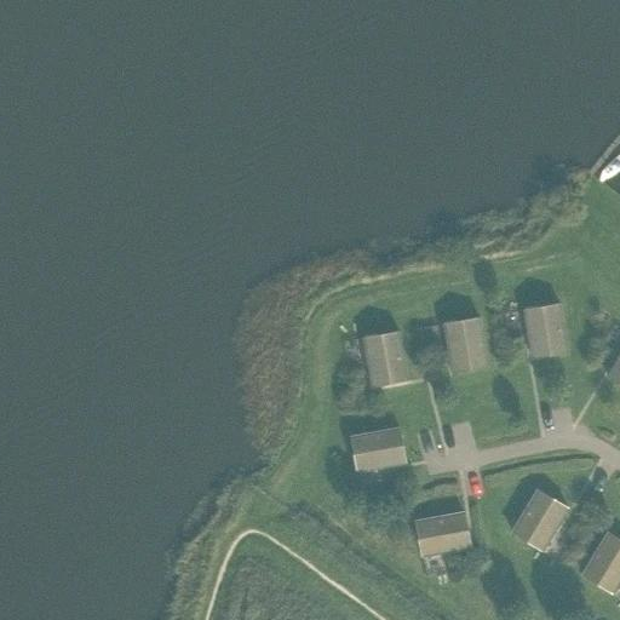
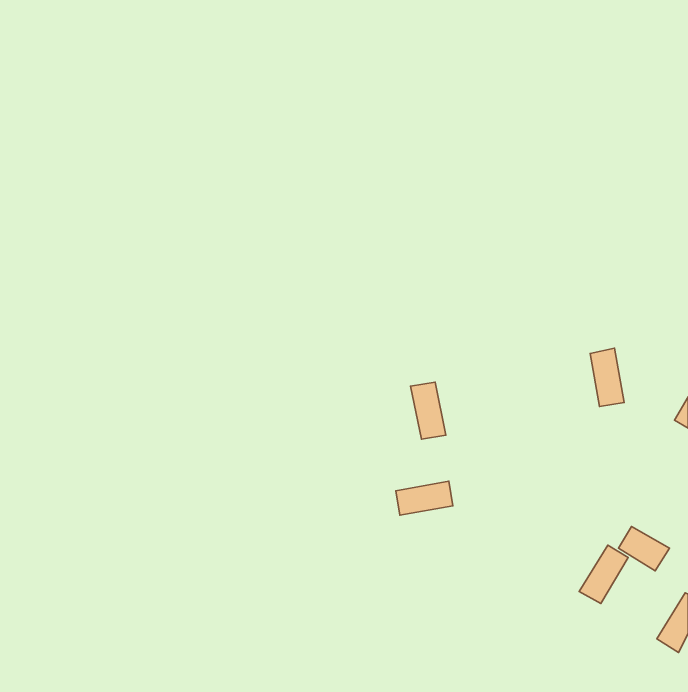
building: [446,325,477,377] -> none
building: none -> [619,526,669,571]
building: [420,515,471,546] -> none

